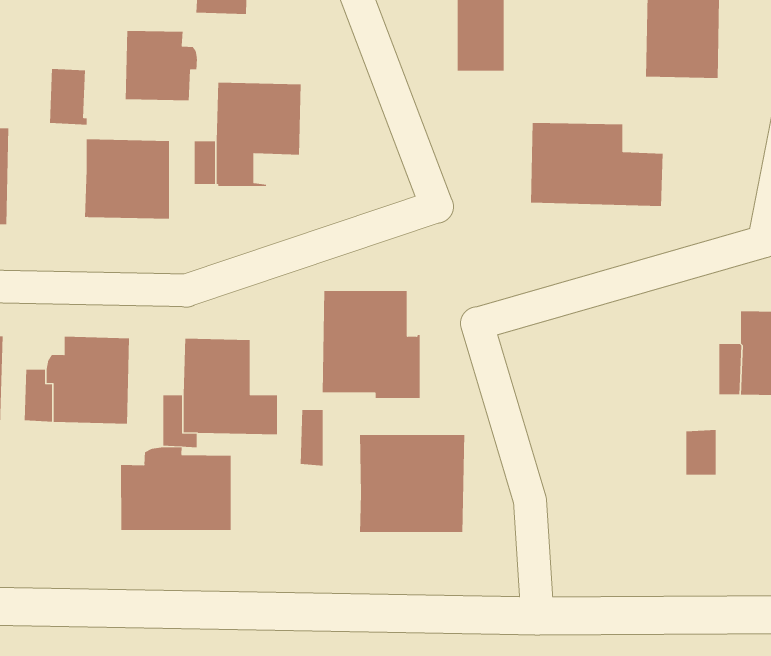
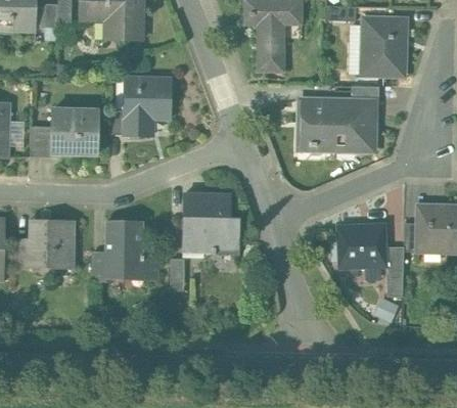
building: [125,30,197,101] -> none
building: [49,68,88,125] -> [30,126,51,157]
building: none -> [351,86,379,118]
building: none -> [336,225,385,269]
building: [359,434,465,533] -> none
building: [121,447,231,531] -> none

